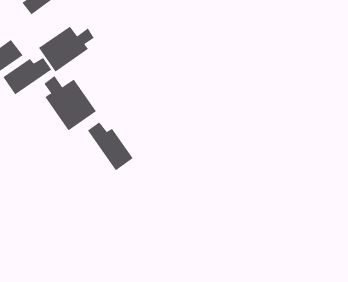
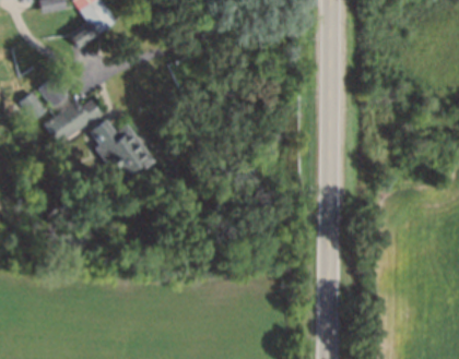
building: [38,26,95,73] -> none
building: [87,122,133,171] -> none

